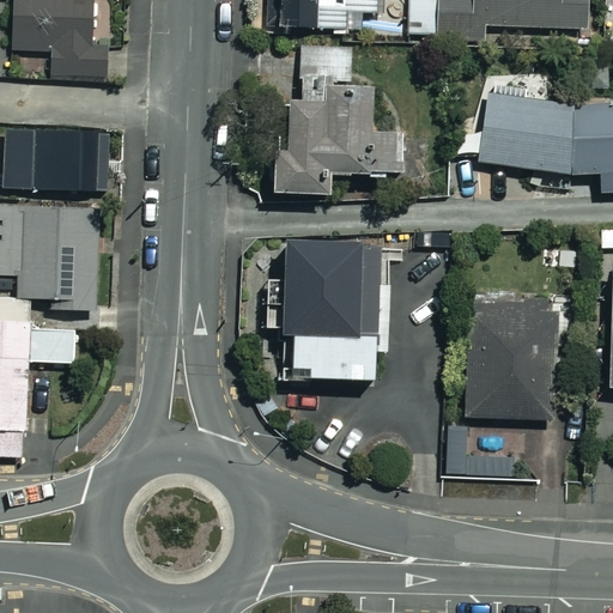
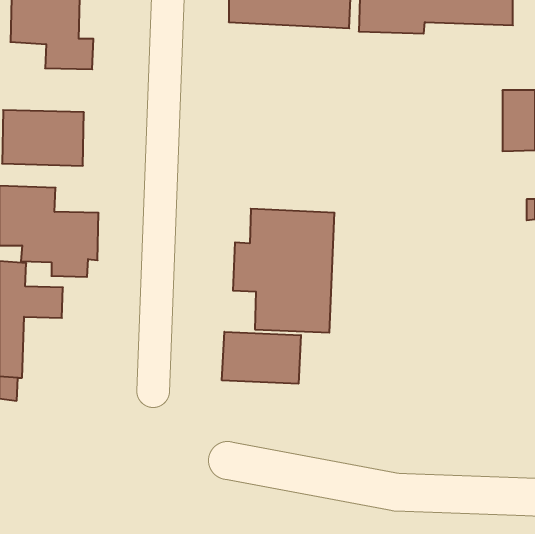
building: [274,45,400,193] -> none
building: [482,92,573,172] -> none
building: [465,302,554,418] -> none
building: none -> [222,332,301,384]

